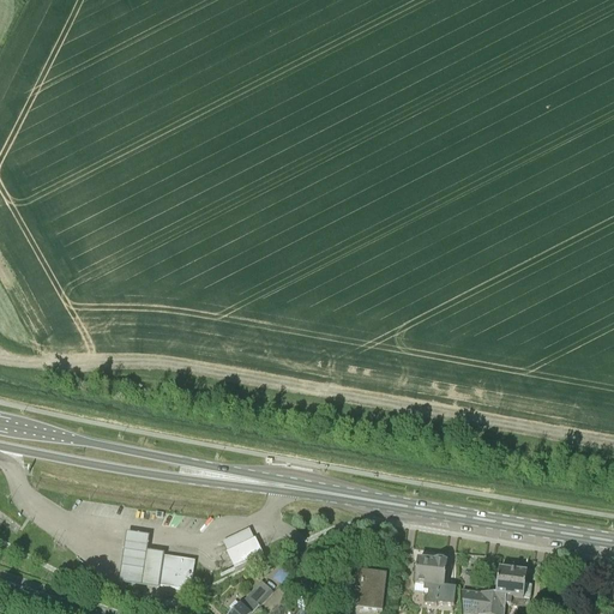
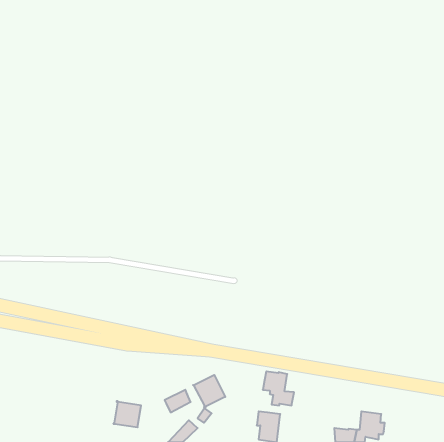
building: none -> [193,375,225,408]
building: [119,529,162,585] -> none
building: [413,556,456,603] -> [263,371,294,405]

